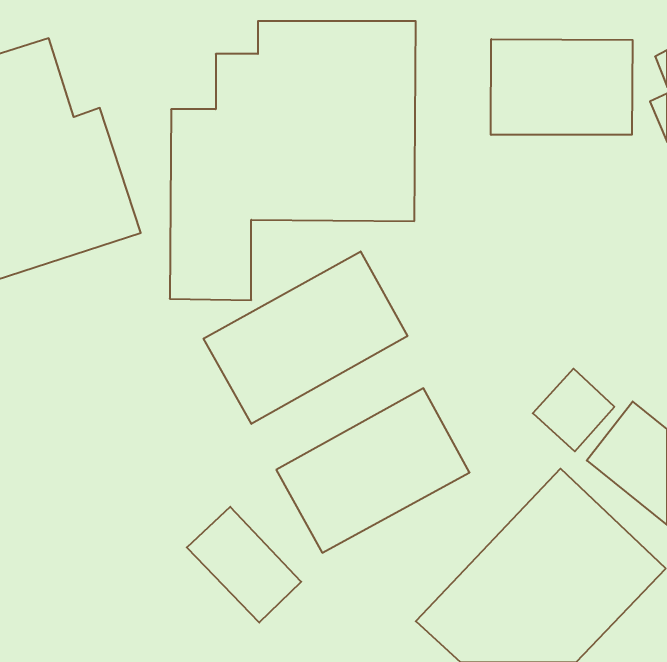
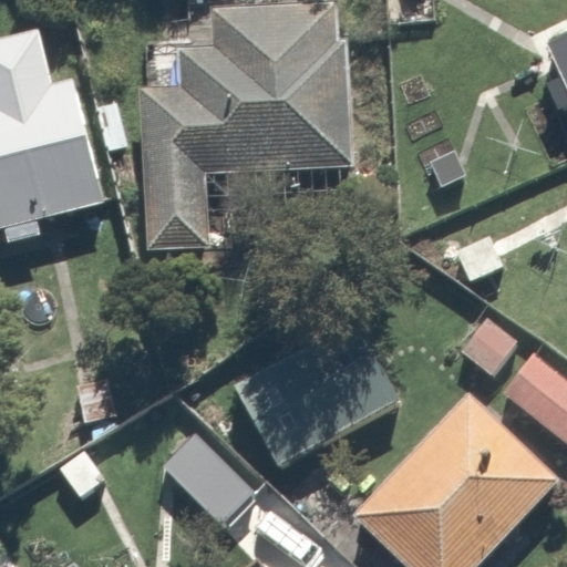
building: [491,39,633,135] -> none
building: [204,251,407,424] -> none

